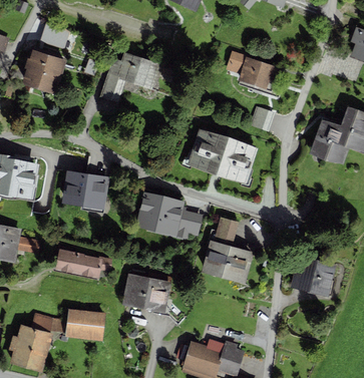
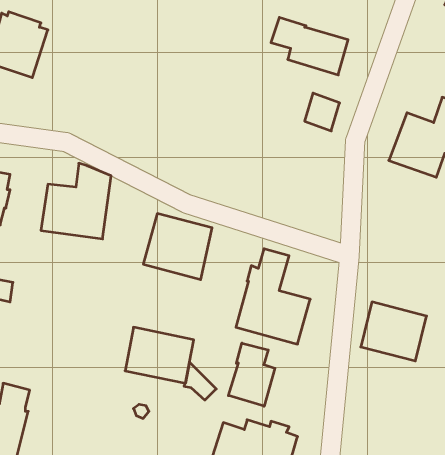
building: [99,51,162,102] -> none
building: [187,128,258,183] -> none
building: [177,210,204,237] -> none
building: [55,245,112,280] -> none
building: none -> [228,343,275,406]
building: [50,309,105,341] -> none

